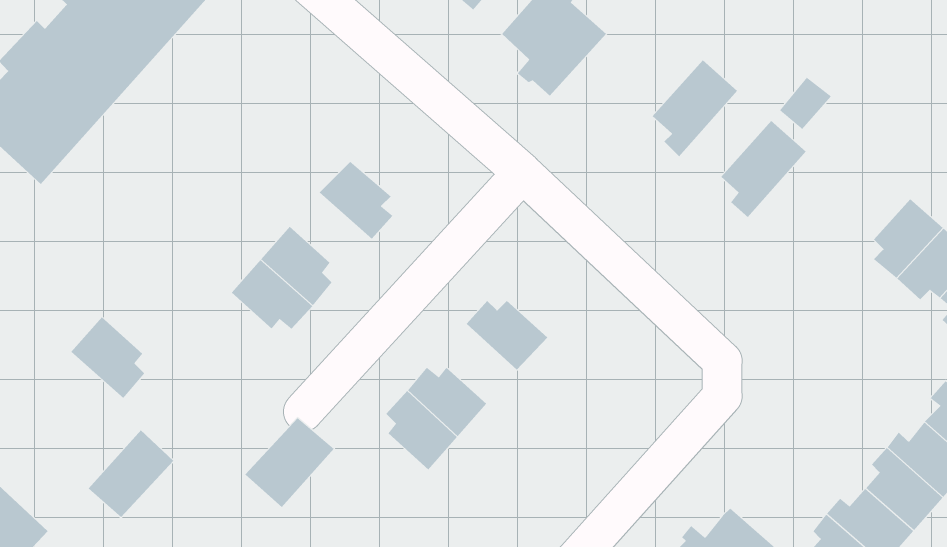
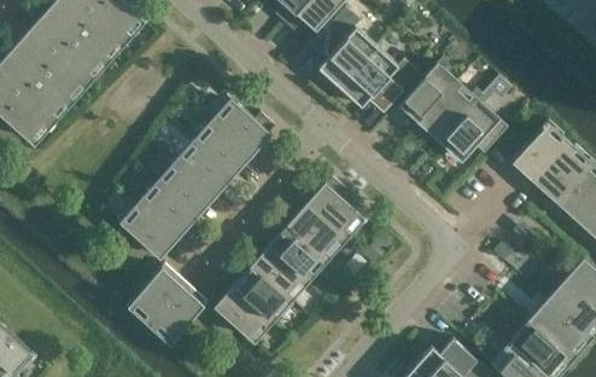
building: none -> [341,47,419,112]
building: none -> [421,82,478,135]
building: none -> [218,104,275,147]
building: none -> [514,130,563,175]
building: none -> [181,145,232,188]
building: none -> [312,178,360,234]
building: [71,317,145,399] -> [125,207,171,257]
building: none -> [276,226,321,276]
building: [88,430,174,518] -> [133,265,186,319]
building: none -> [215,294,267,338]

